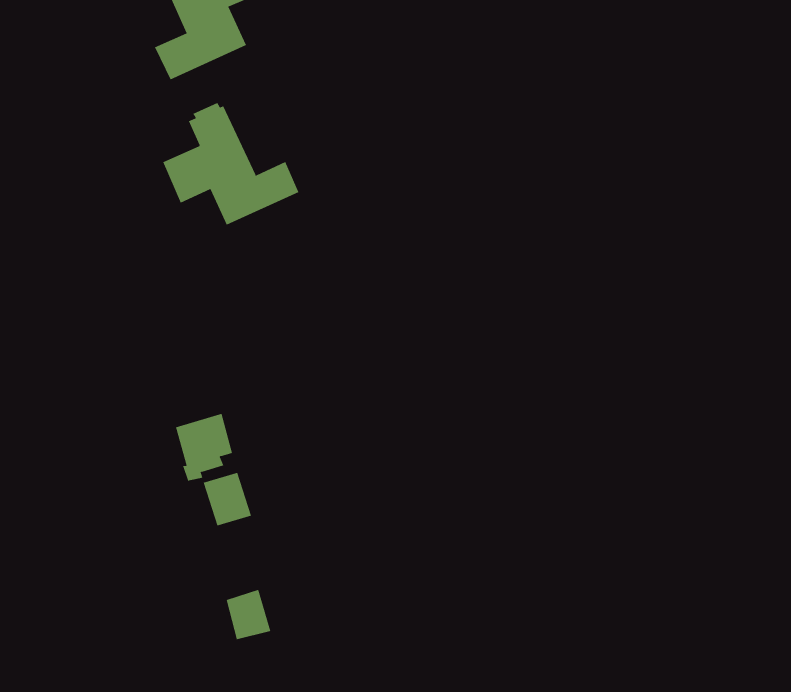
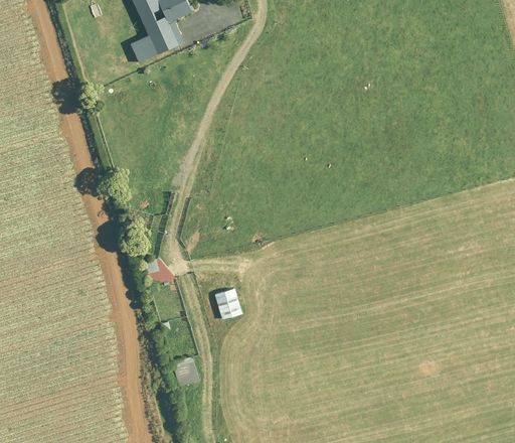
building: [163,102,299,226] -> none
building: [203,472,252,526] -> [214,287,242,318]

